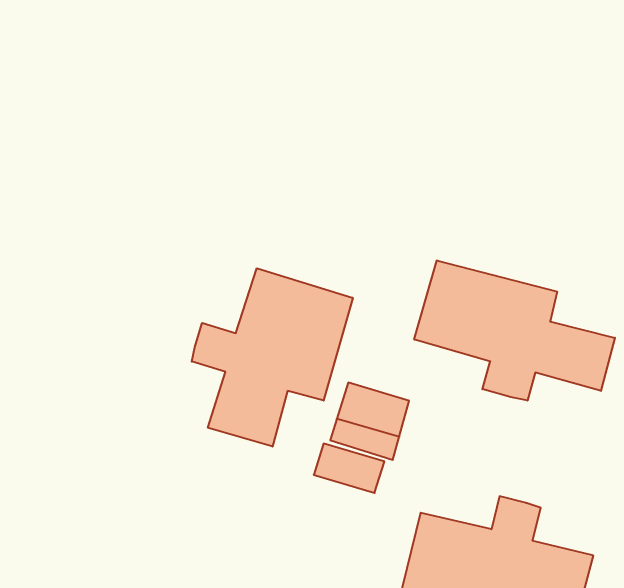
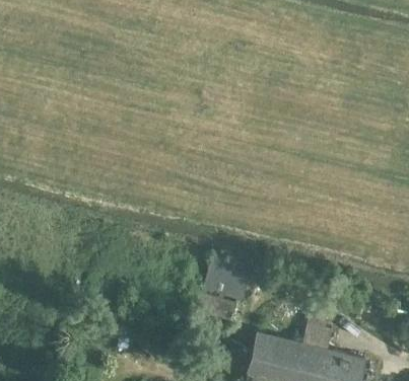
building: [414,260,615,401] -> none
building: [192,268,353,447] -> none

